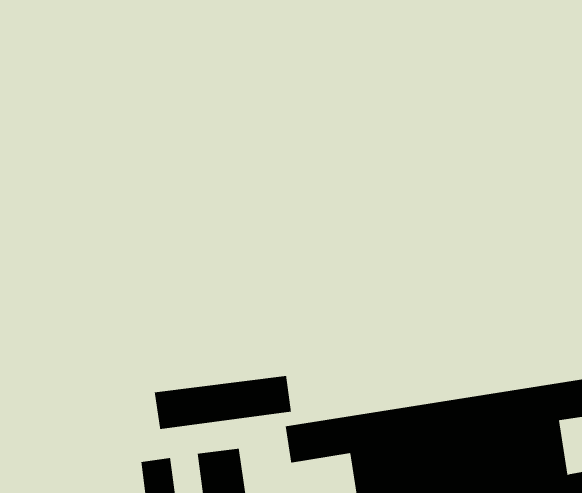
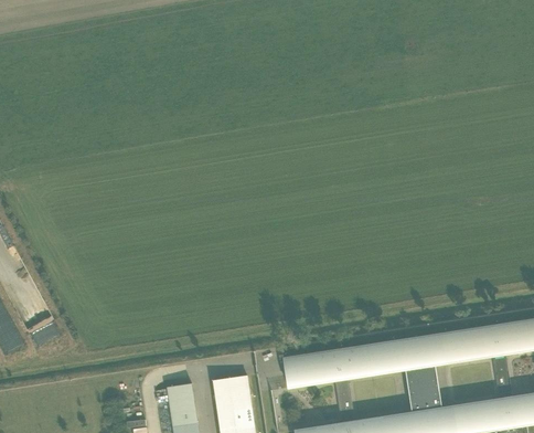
building: [154,375,292,430] -> none

